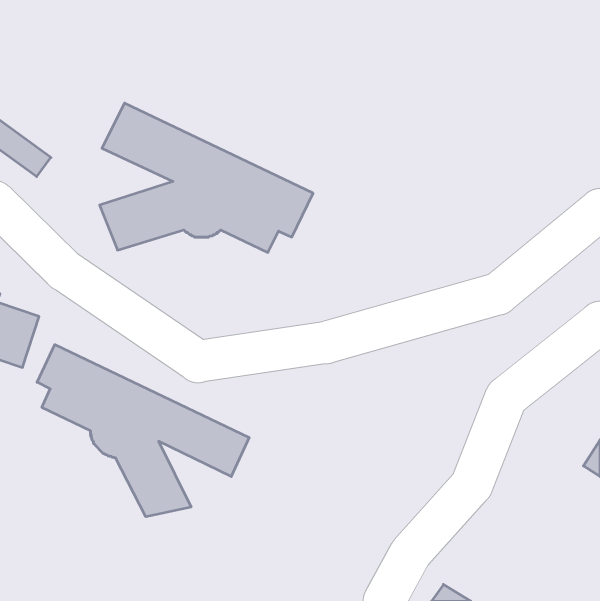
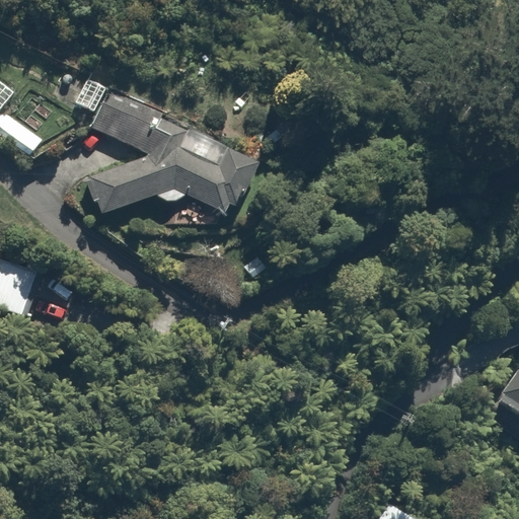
building: [37,345,249,517] -> none

